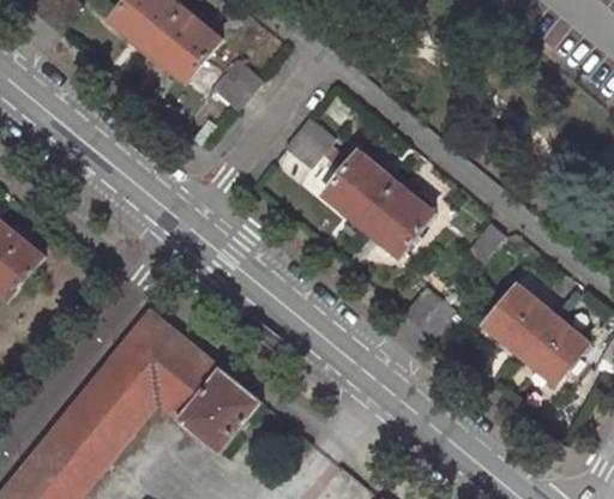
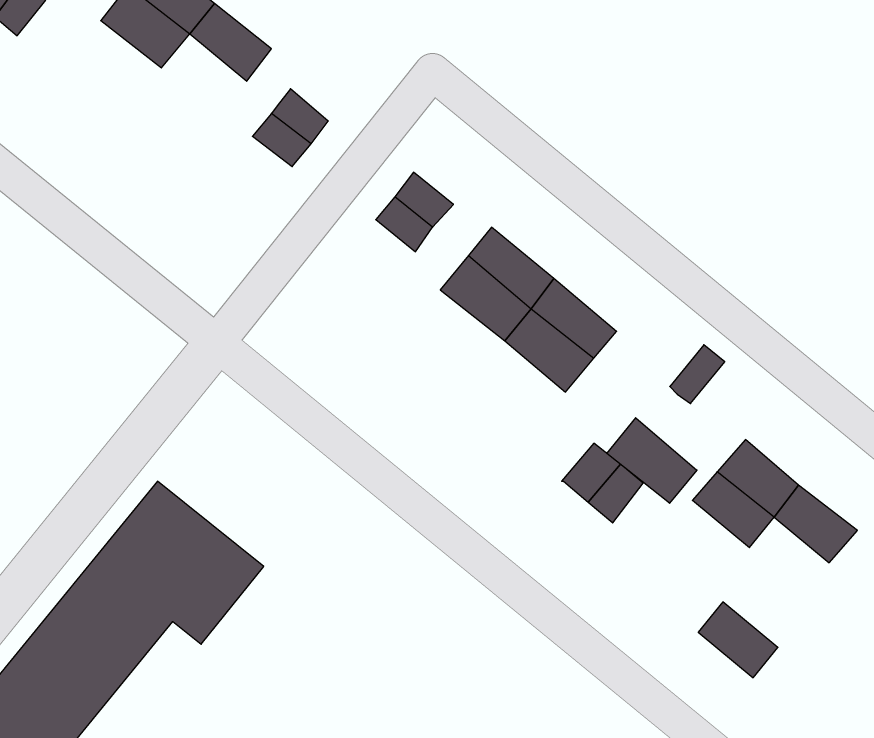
building: [149,29,203,80] -> none
building: none -> [607,418,697,503]
building: [520,335,571,383] -> [698,602,778,678]
building: [174,366,258,451] -> none

